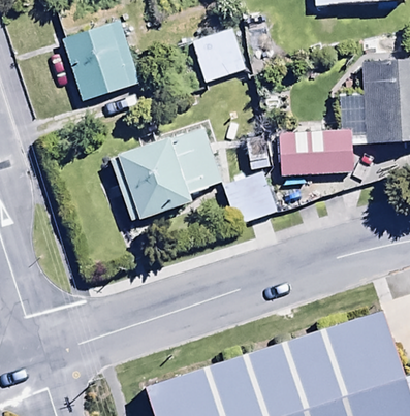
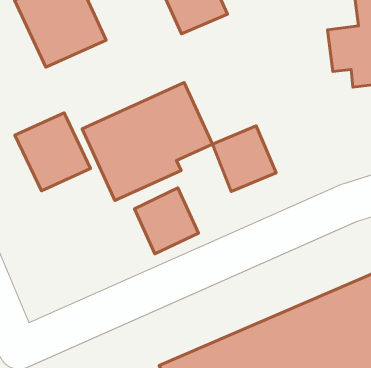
building: [278,130,354,177] -> none
building: none -> [15,113,91,191]
building: none -> [134,188,198,254]

